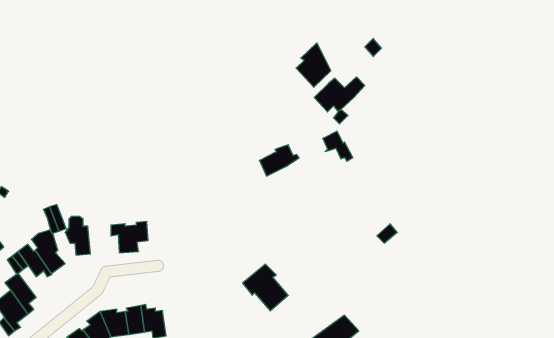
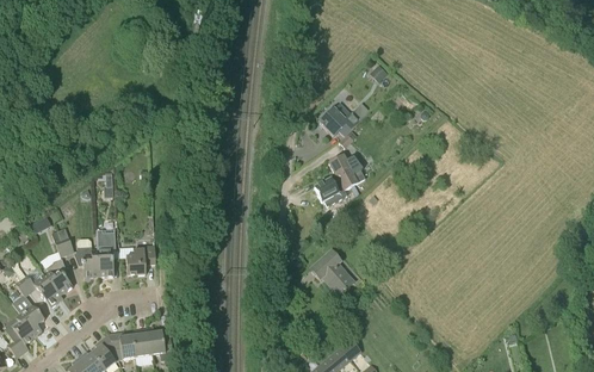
building: [296,43,331,87] -> none
building: [259,145,299,176] -> [313,172,352,203]
building: none -> [94,229,118,277]
building: [243,264,288,311] -> [309,250,354,297]

